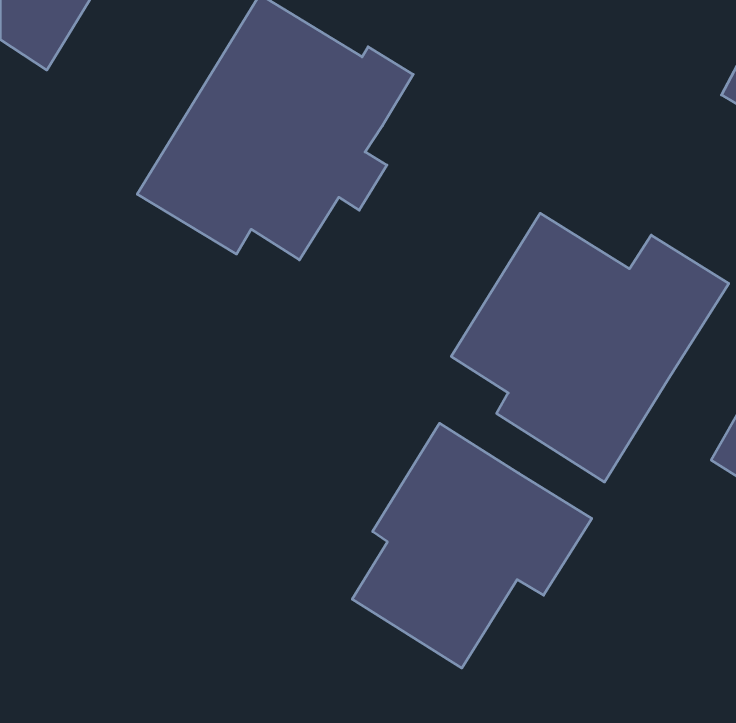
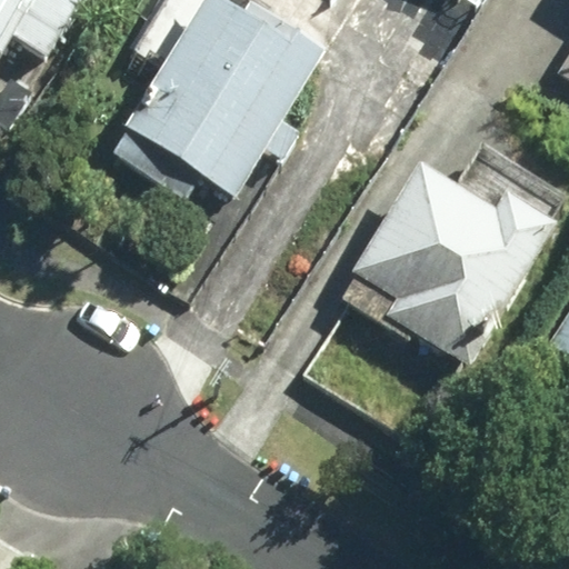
building: [352,423,592,668] -> none

